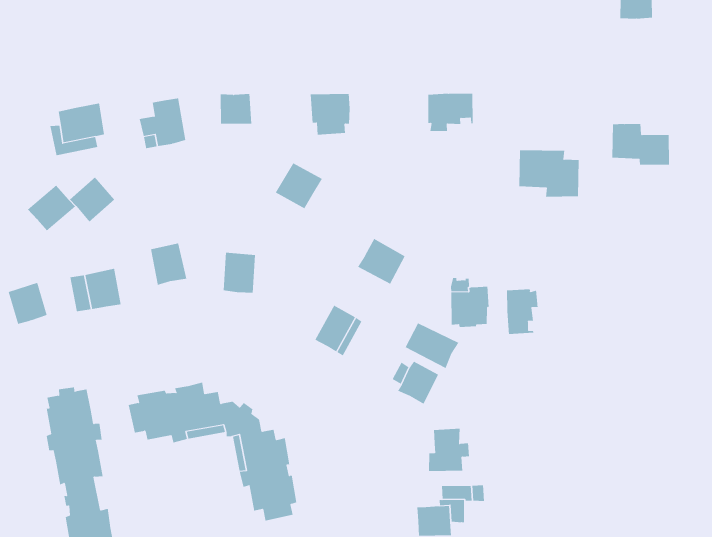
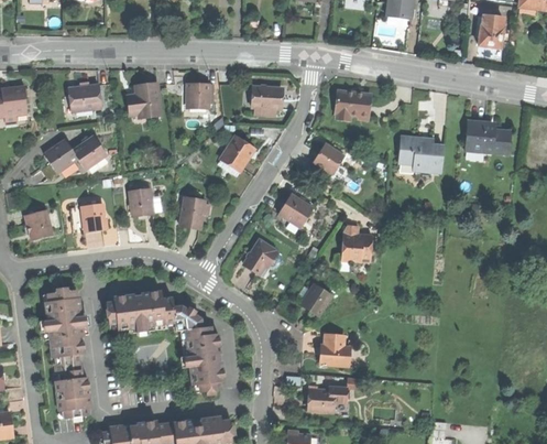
building: none -> [314,143,343,173]
building: [506,288,538,335] -> none
building: [405,322,459,369] -> none

